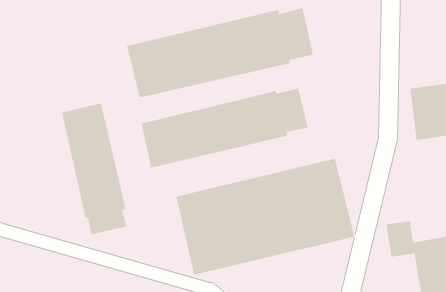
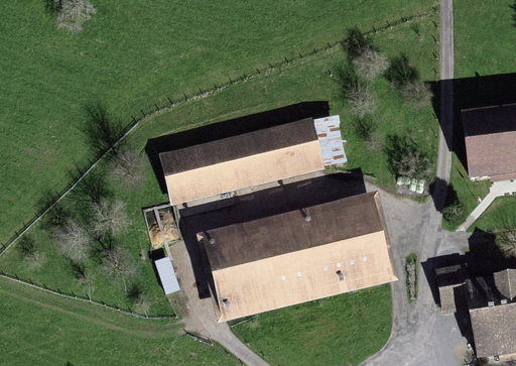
building: [126,7,314,98] -> none
building: [61,102,127,235] -> none

